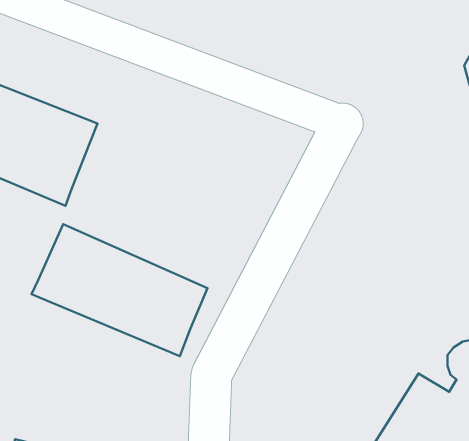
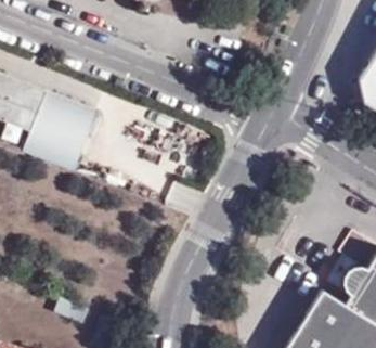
building: [32,224,207,356] -> none

